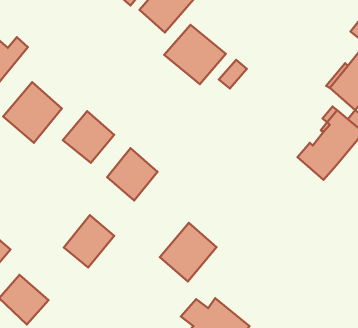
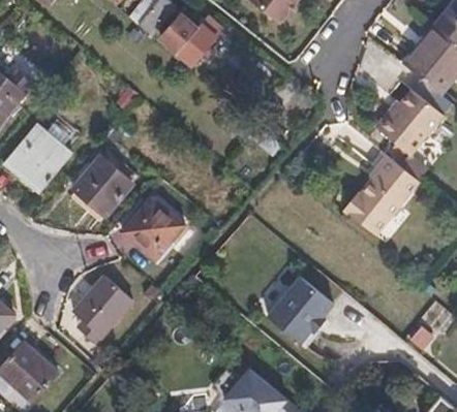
building: [164,25,226,84] -> none
building: [160,223,217,282] -> [267,279,332,346]

